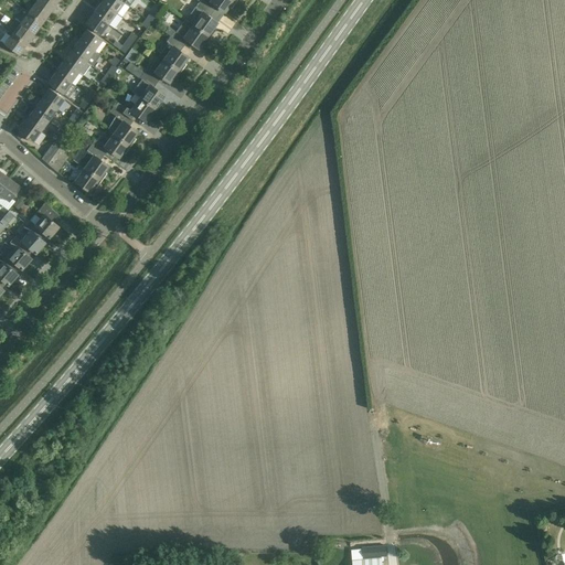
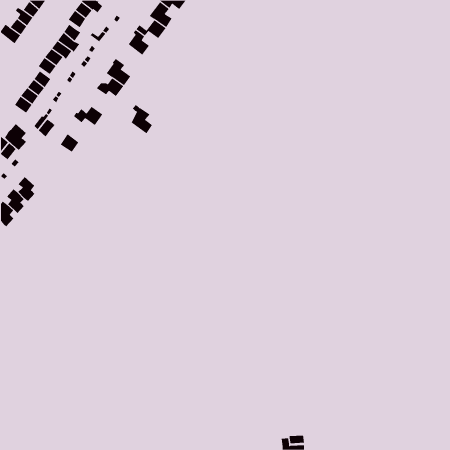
building: [145,55,179,83] -> none
building: [109,106,137,143] -> [131,104,153,134]
building: [79,146,108,179] -> none
building: [31,203,60,237] -> [4,123,27,151]

